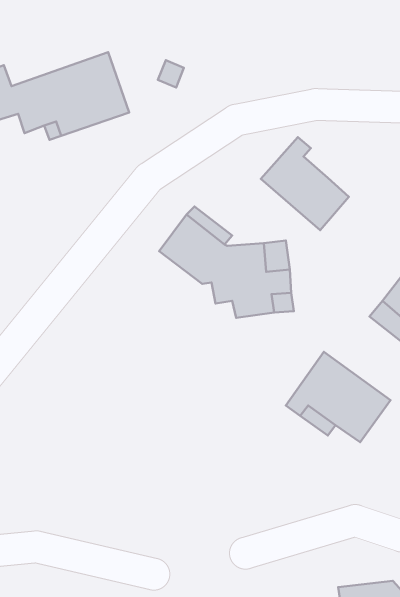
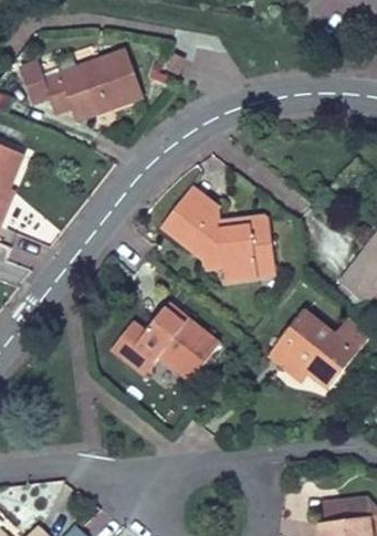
building: [261,137,349,230] -> none
building: none -> [108,302,220,382]

